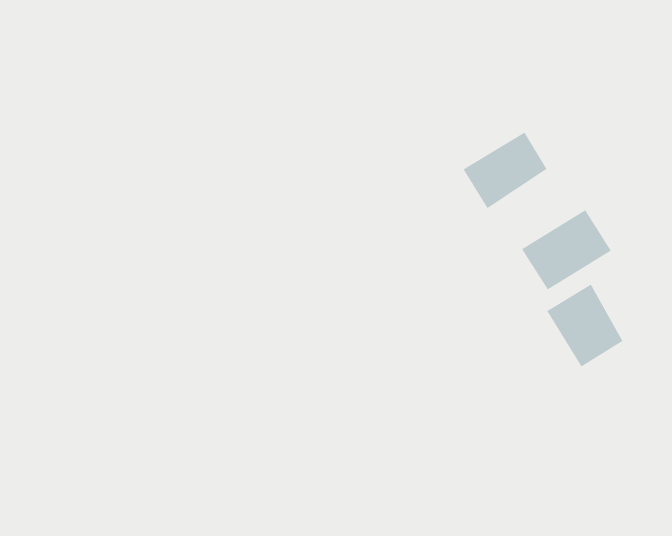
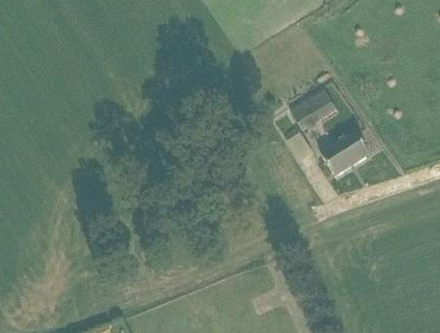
building: [546,283,623,368] -> none

